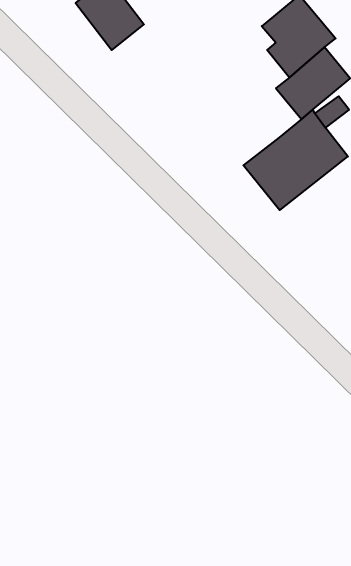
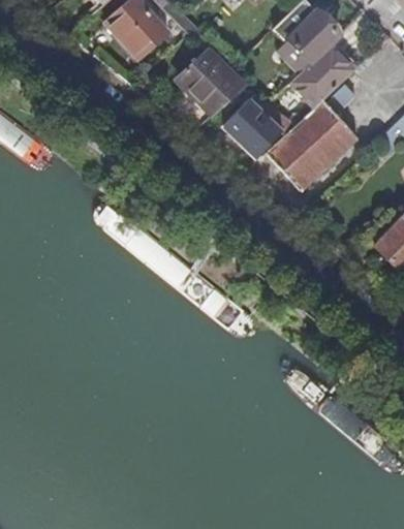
building: none -> [162,34,246,120]
building: none -> [227,93,294,156]

